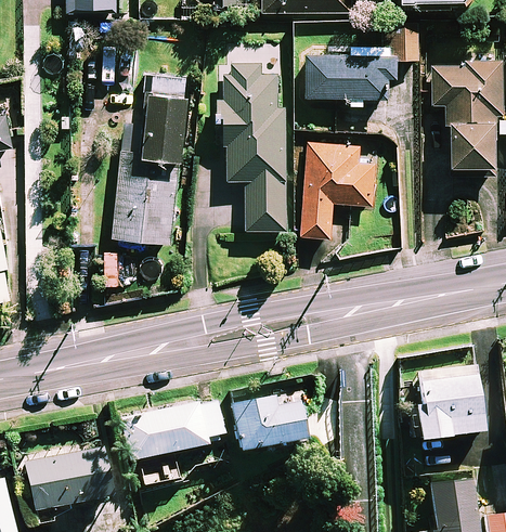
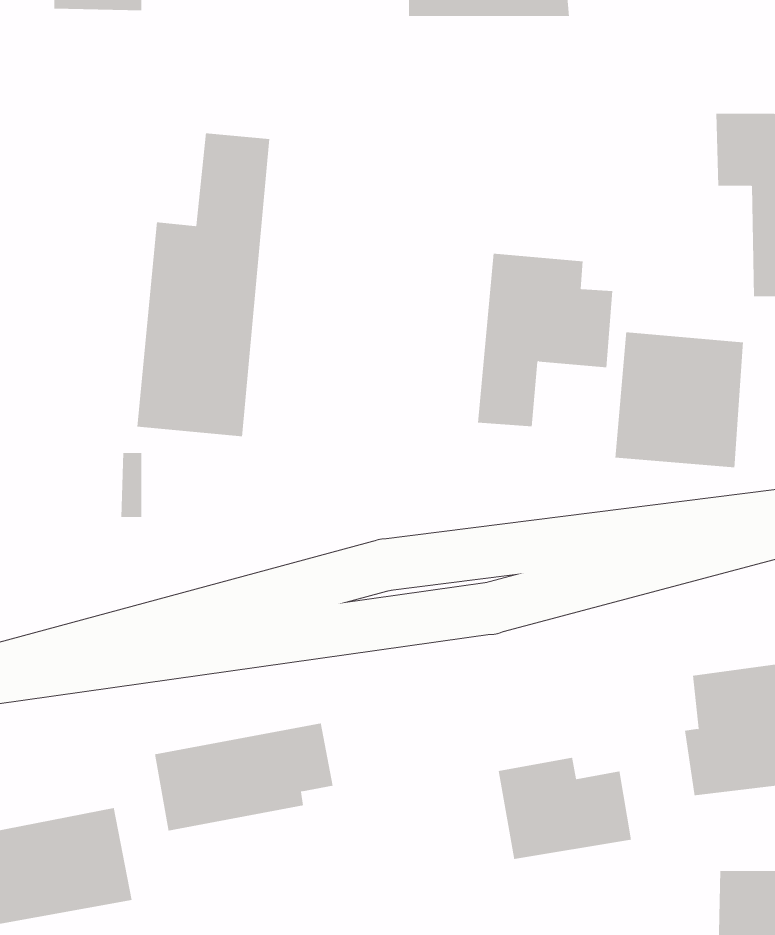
building: [306,22,418,105] -> none
building: [223,44,286,230] -> none
building: none -> [615,331,743,468]
building: [231,394,304,451] -> [498,757,632,860]

